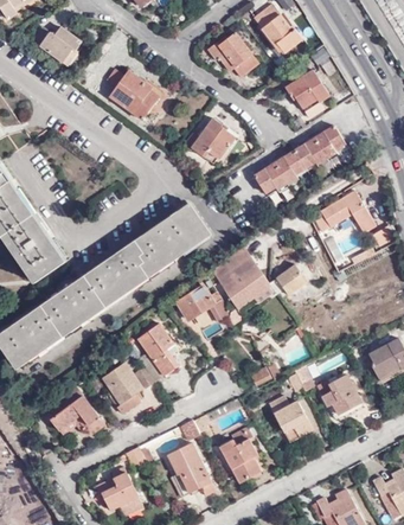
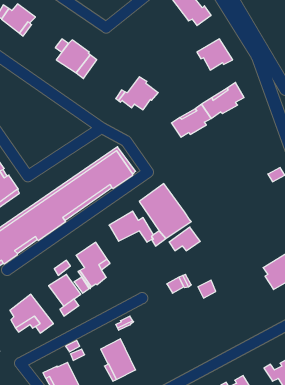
building: [209,32,258,76] -> none
building: [313,194,377,238] -> none
building: [270,267,309,296] -> [169,227,200,251]
building: [318,373,364,412] -> none
building: [269,398,312,443] -> none
building: [218,428,259,487] -> none

